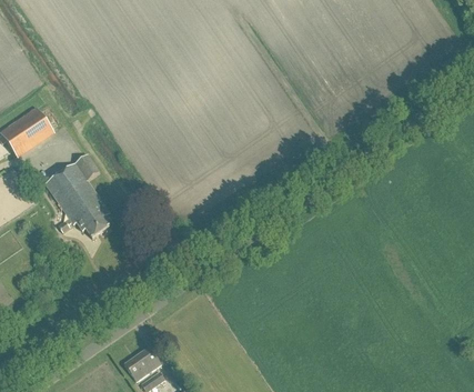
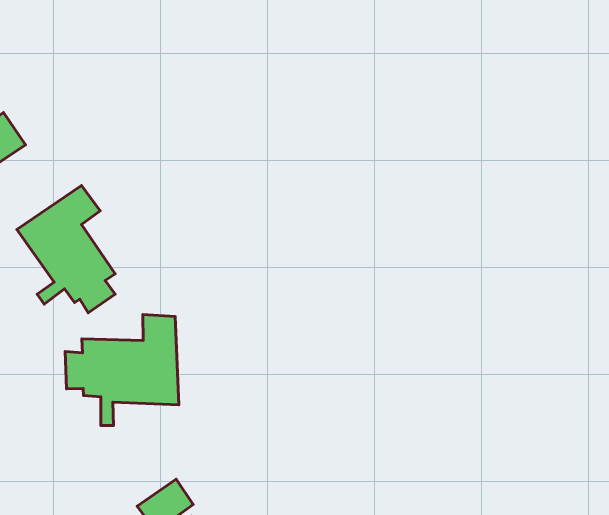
building: none -> [65,315,179,426]

